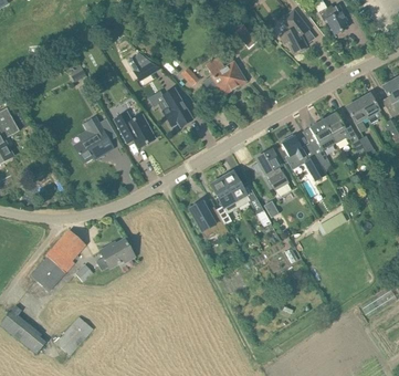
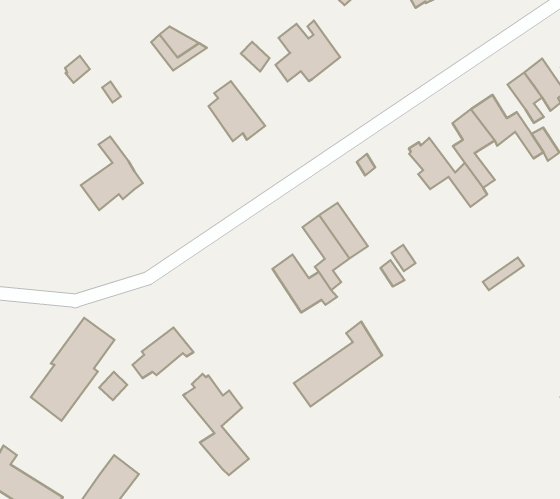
building: [114,112,155,147] -> none
building: [256,149,292,196] -> none
building: none -> [294,321,382,406]
building: none -> [183,374,249,475]

